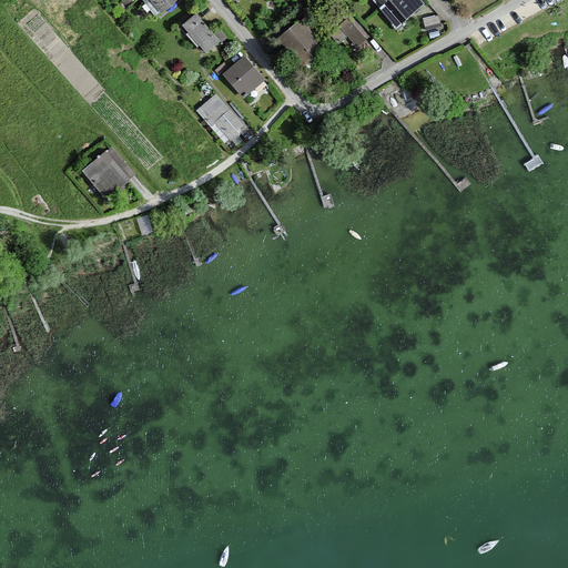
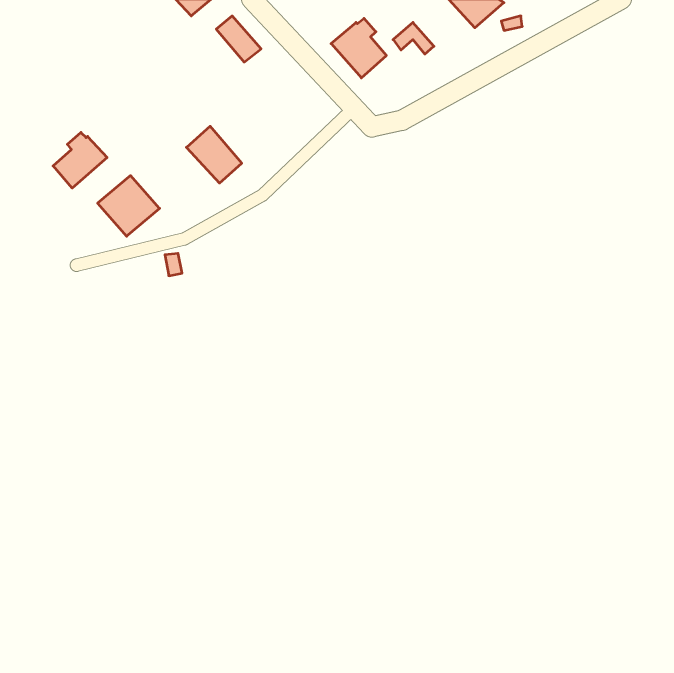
building: [222,57,261,95] -> none
building: [196,94,243,142] -> [186,126,242,183]
building: none -> [53,132,107,188]

